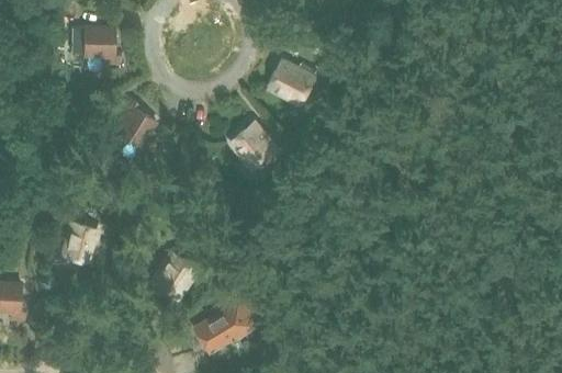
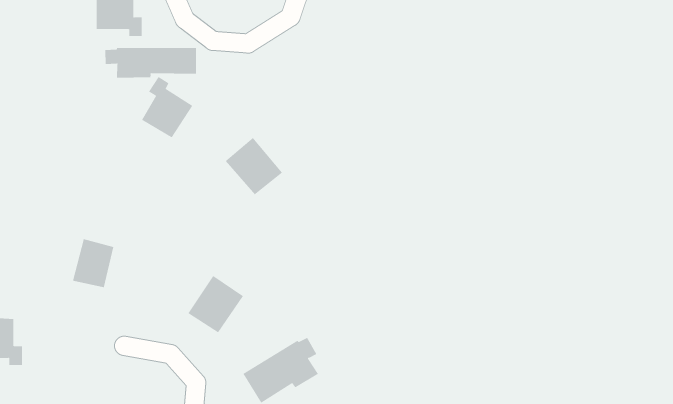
building: [268,59,313,101] -> none
building: none -> [105,47,196,78]
building: [231,121,276,166] -> [225,137,283,195]

